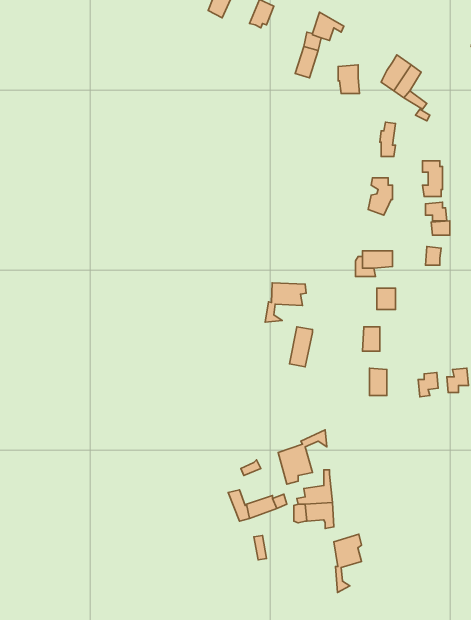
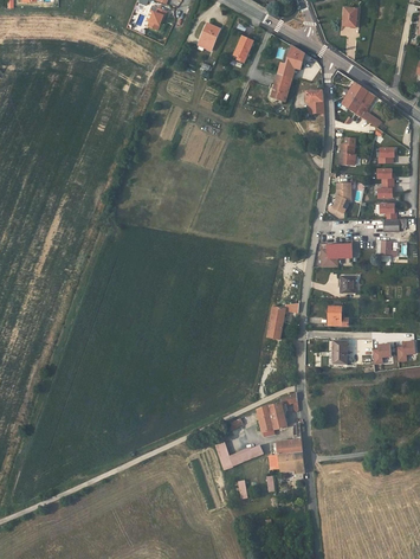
building: [265,283,306,322] -> none
building: [334,534,362,593] -> none

